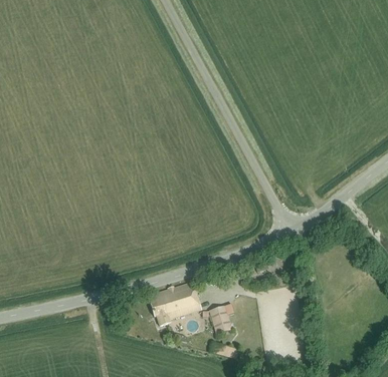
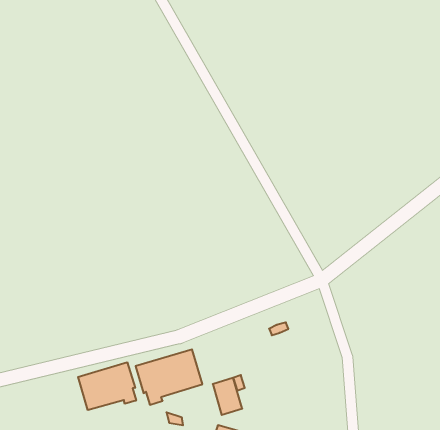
building: none -> [78,362,136,410]

